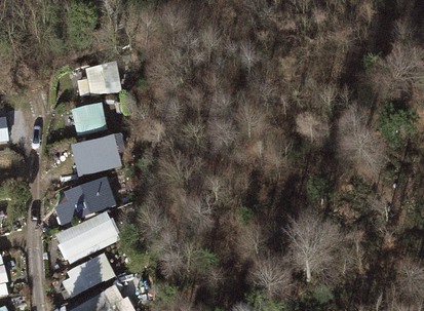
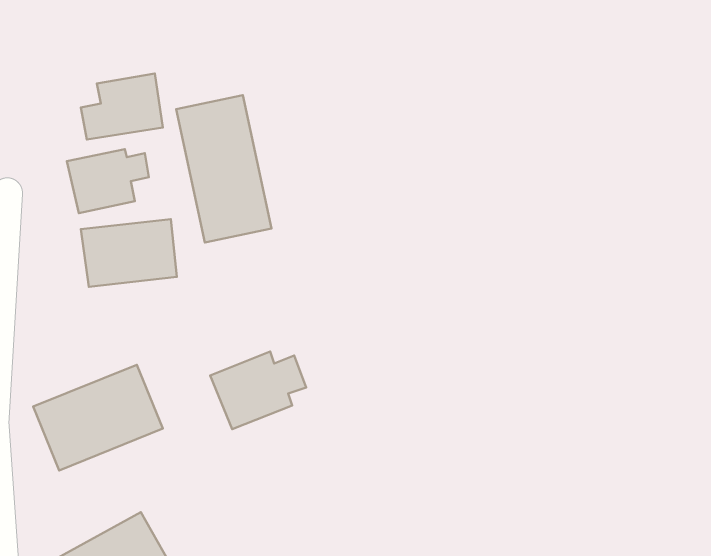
building: none -> [176,95,271,242]
building: [66,179,115,219] -> [210,352,306,429]
building: [62,256,111,299] -> none

